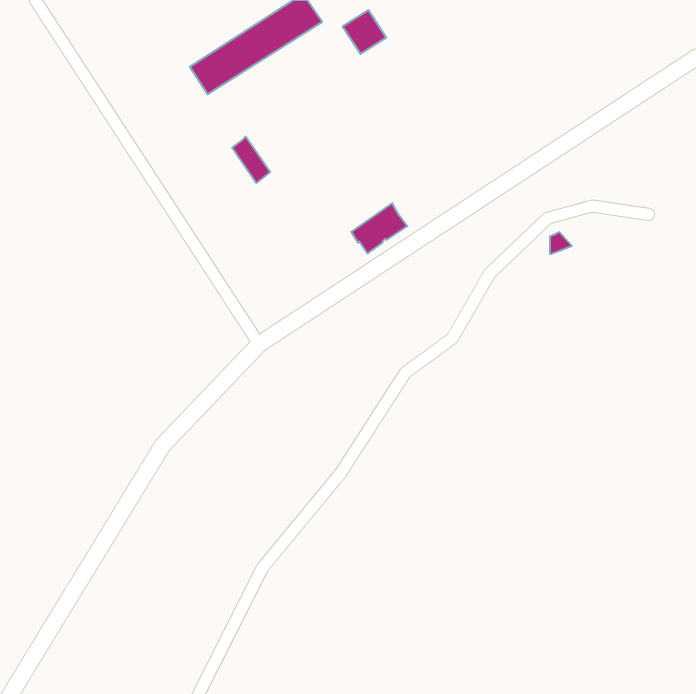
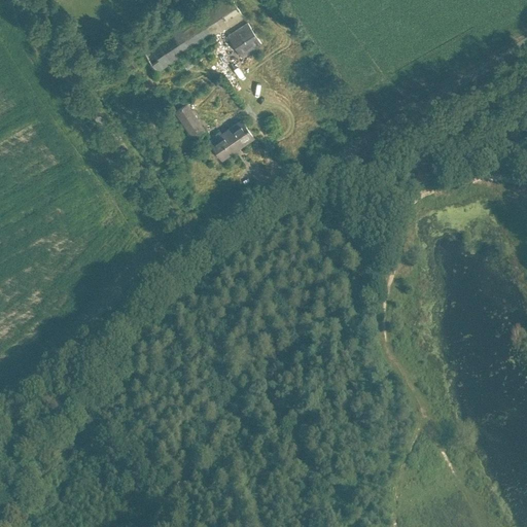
building: [343,10,386,54] -> [227,26,260,59]
building: [351,203,407,254] -> [210,122,252,161]

